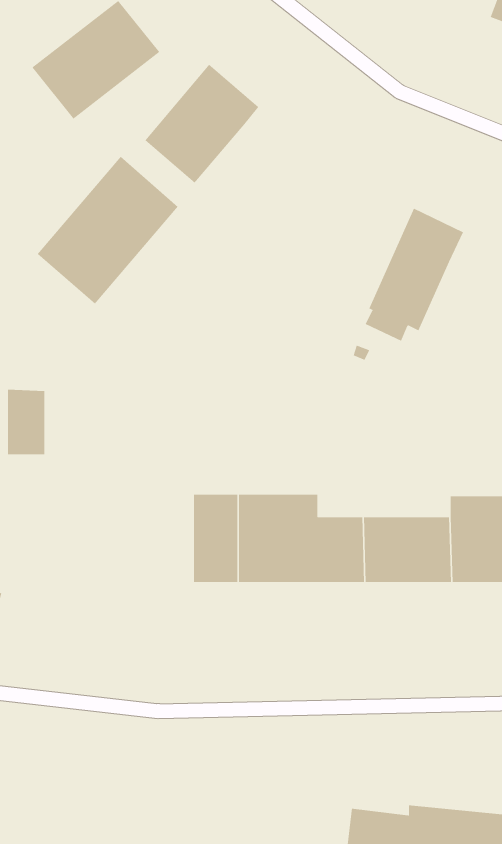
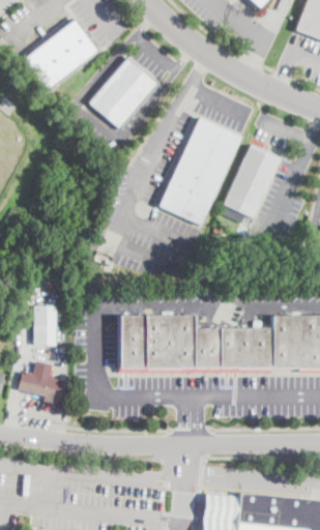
building: [37,156,179,305] -> none
building: none -> [158,117,241,225]
building: [7,389,45,455] -> [34,305,57,345]
building: none -> [19,360,65,404]

